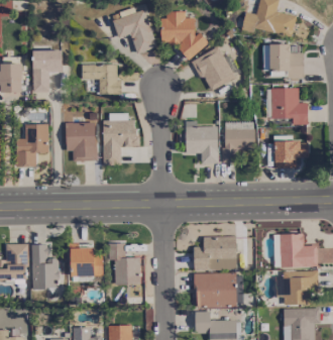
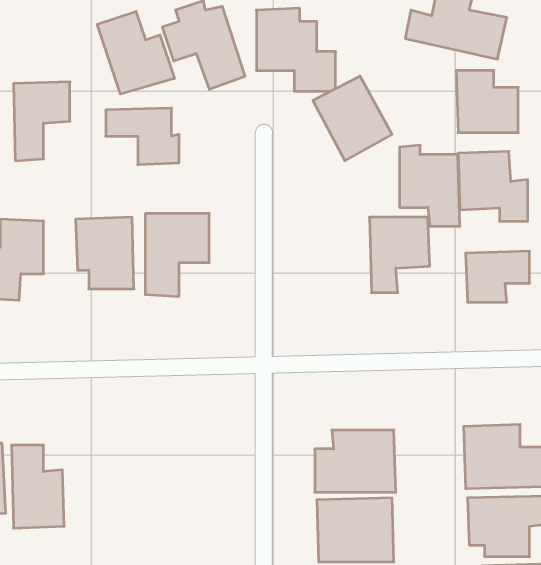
building: none -> [97,11,174,94]
building: [186,120,218,163] -> [400,145,460,226]
building: [109,242,140,285] -> none
building: [70,243,103,275] -> none

